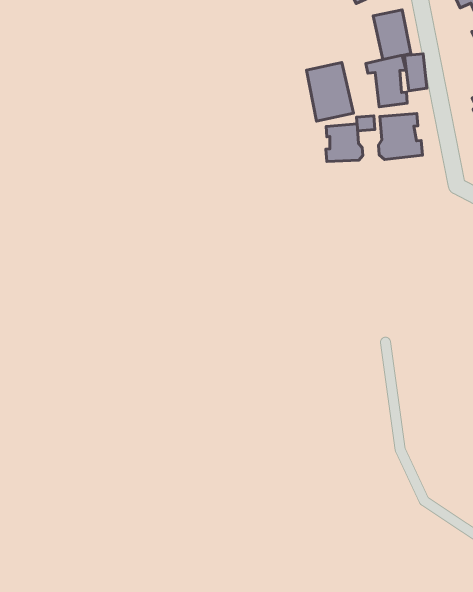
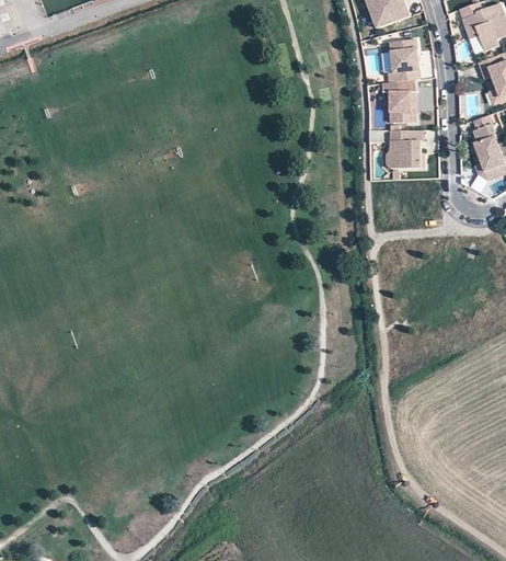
building: [306,63,353,121] -> none
building: [326,124,363,162] -> none

